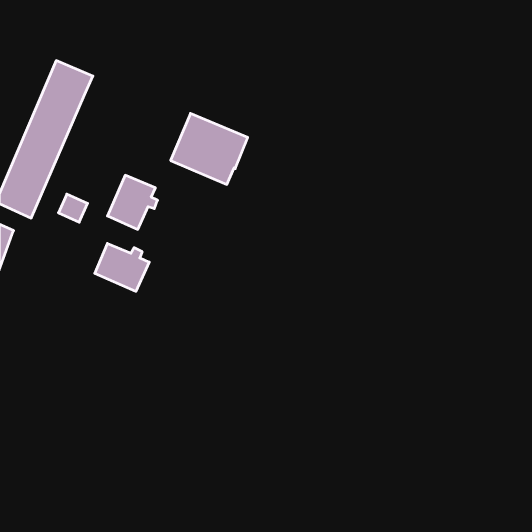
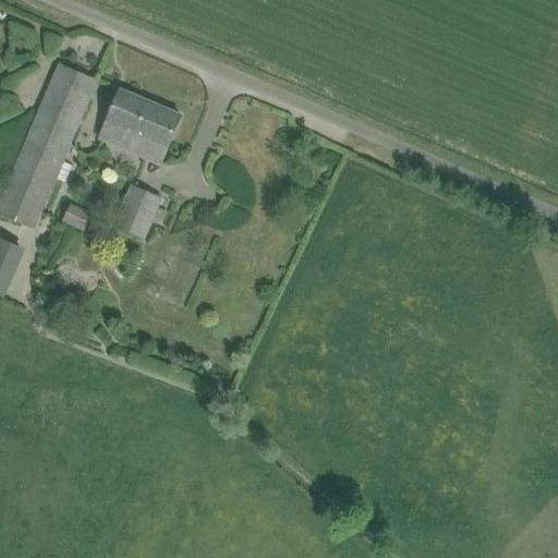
building: [171,113,248,184] -> [99,89,180,163]
building: [95,243,149,291] -> none

